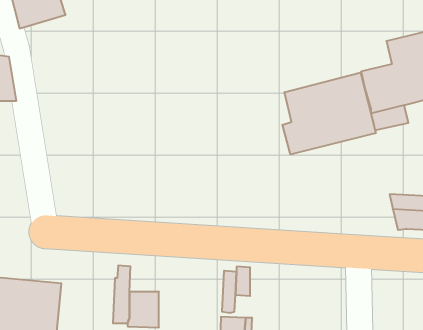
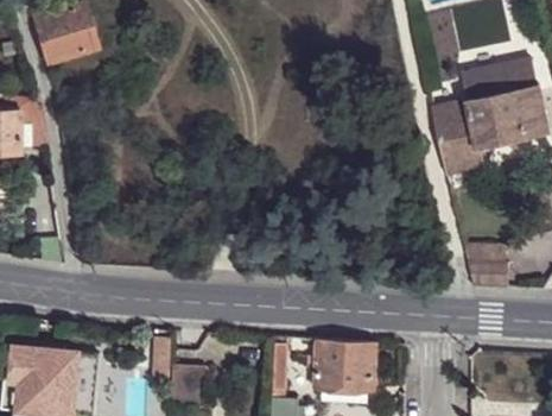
building: [282,72,376,154] -> none
building: none -> [317,339,374,389]

